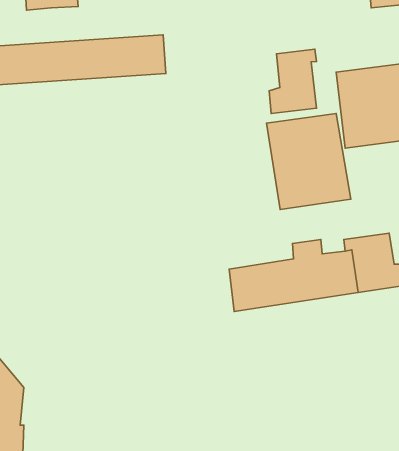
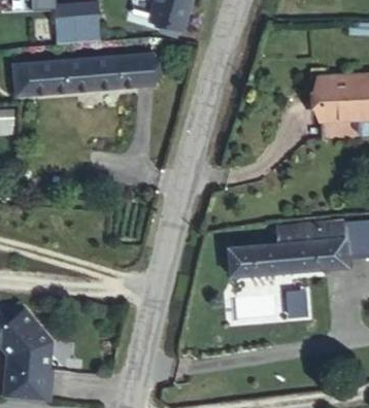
building: [269,49,317,113] -> none
building: [267,113,351,209] -> none

